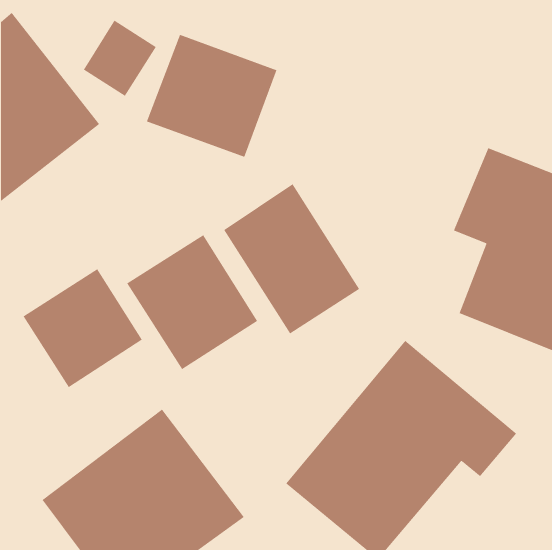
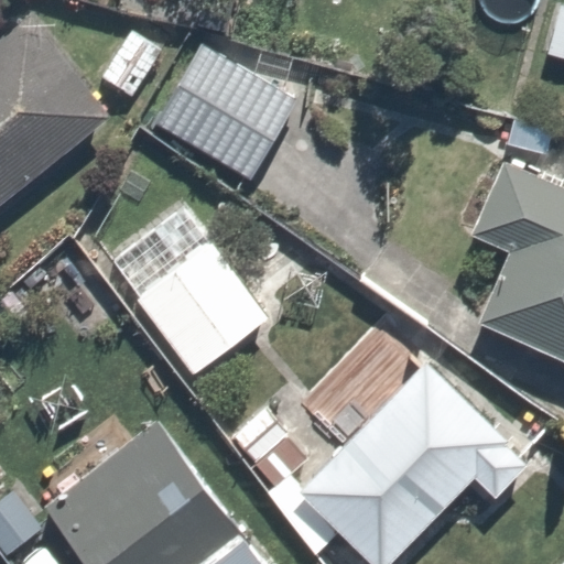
building: [223,183,360,334] -> none
building: [22,268,143,388] -> none

